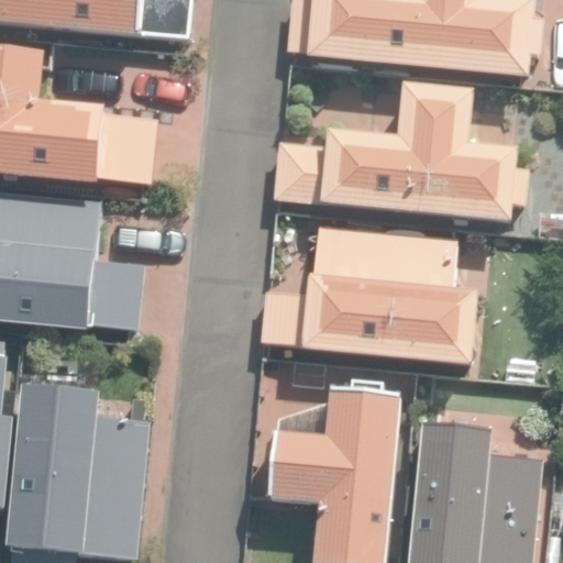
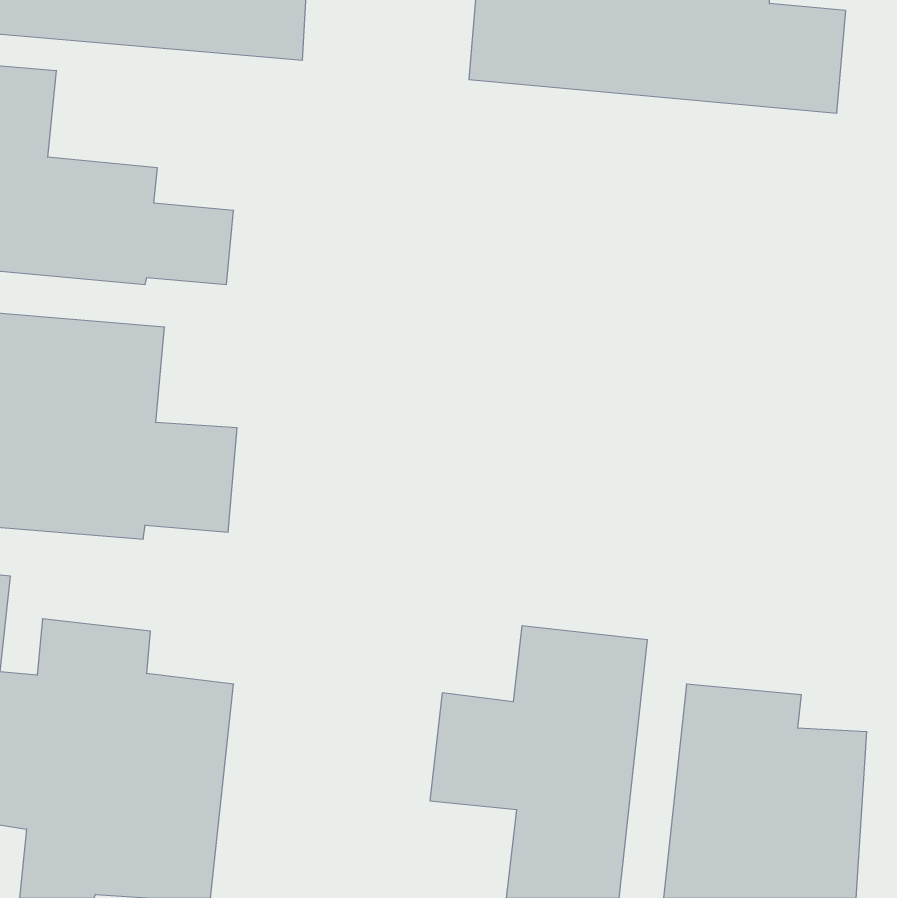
building: [277,91,511,219] -> none
building: [260,220,467,352] -> none

